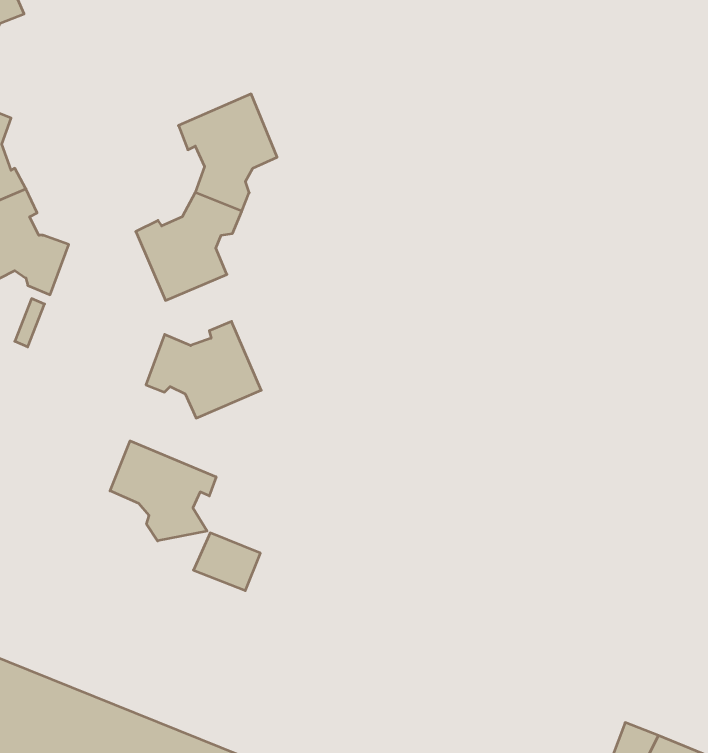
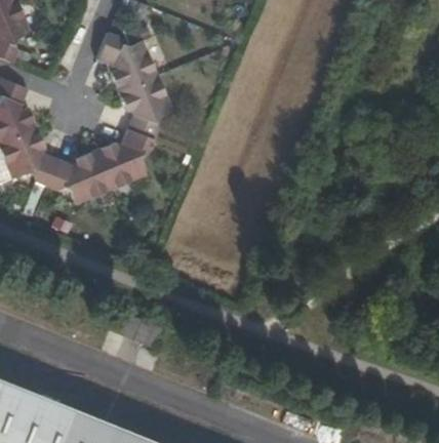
building: none -> [97,34,158,92]
building: [146,321,261,418] -> [47,151,111,204]
building: [110,441,216,541] -> none

